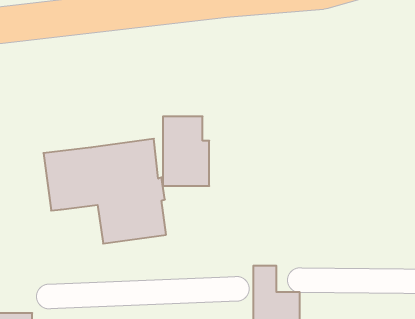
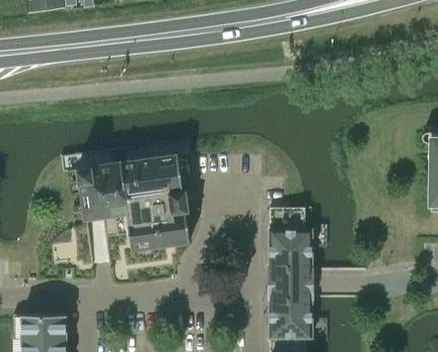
building: [163,116,209,186] -> [270,206,312,270]

